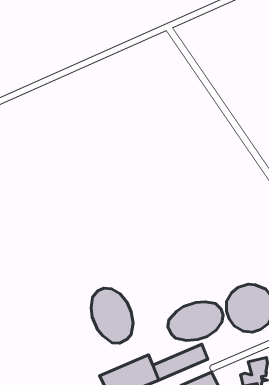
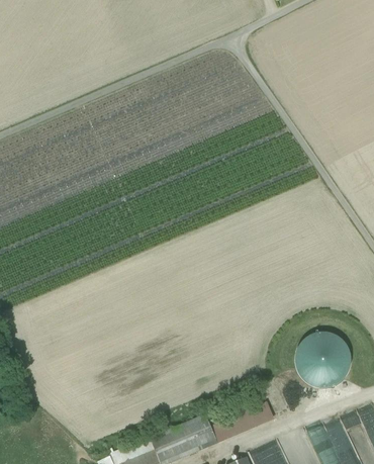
building: [91,288,133,343] -> none
building: [168,302,223,341] -> none

